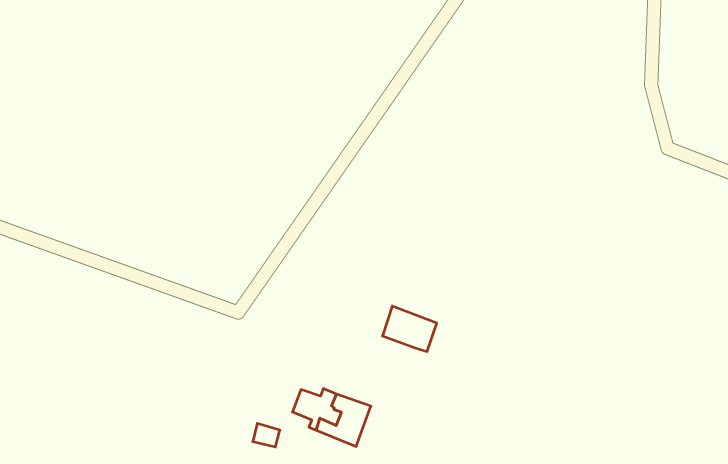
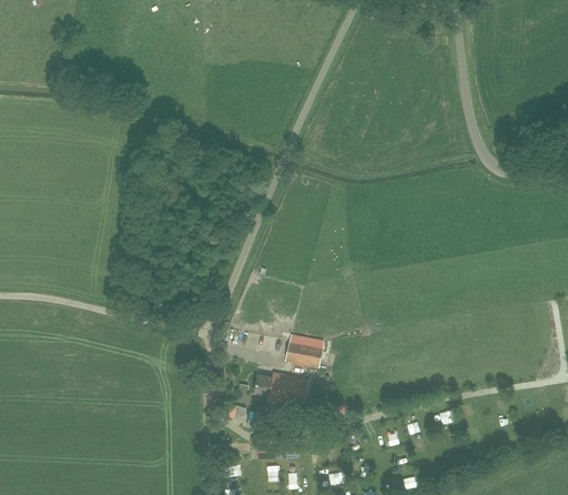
building: [382,306,437,351] -> [286,337,323,365]

